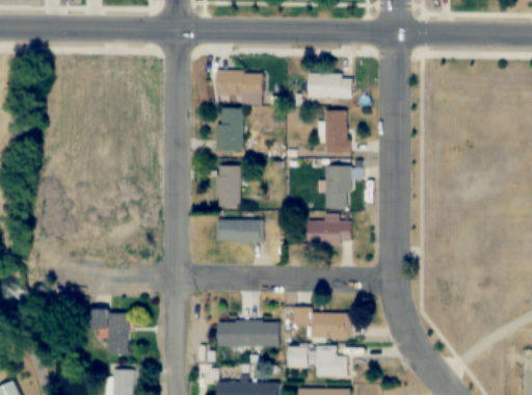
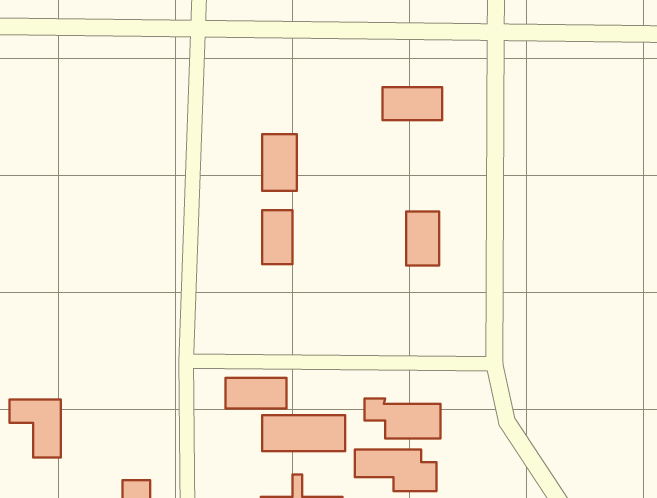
building: [216,72,262,105] -> none
building: [326,111,348,154] -> none
building: [307,216,351,245] -> none
building: [217,220,263,243] -> [225,378,286,408]
building: [88,312,127,356] -> [10,399,61,457]

